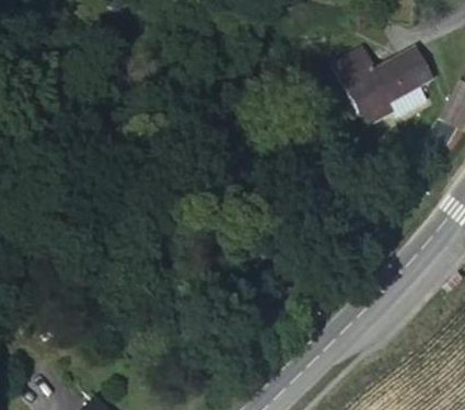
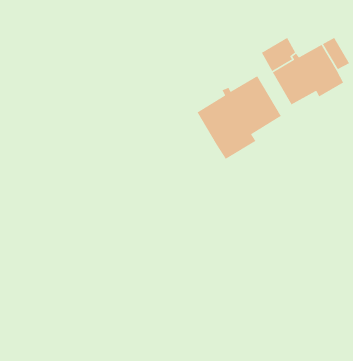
building: none -> [197,75,282,160]

